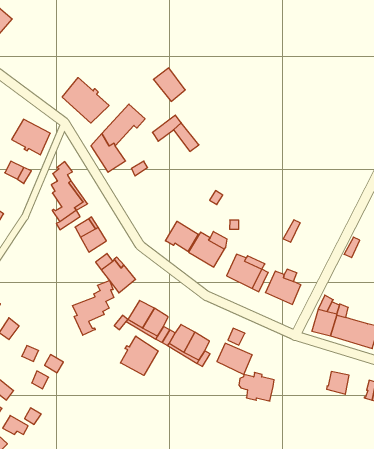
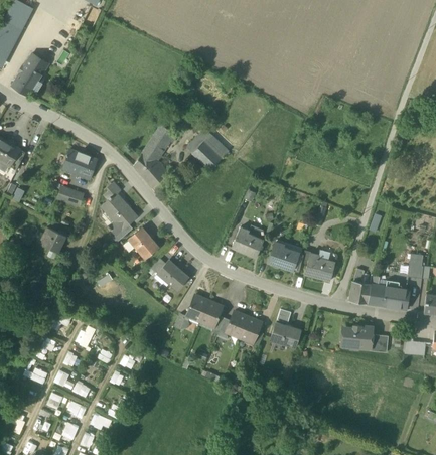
building: [153,68,185,101] -> [191,142,221,171]
building: [62,78,109,123] -> none
building: [165,221,198,251] -> none
building: [72,281,114,335] -> none
building: [120,336,158,375] -> none
building: [239,372,274,401] -> [341,325,372,349]

